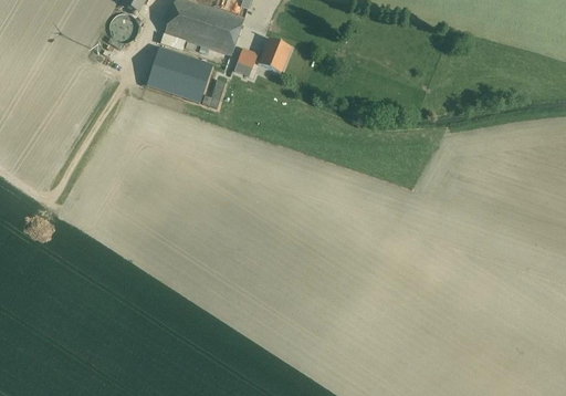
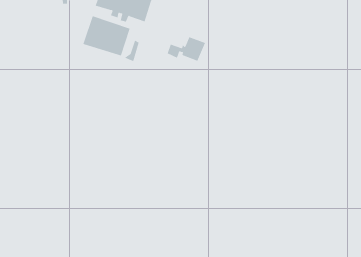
building: [239,38,292,72] -> [167,36,206,62]

